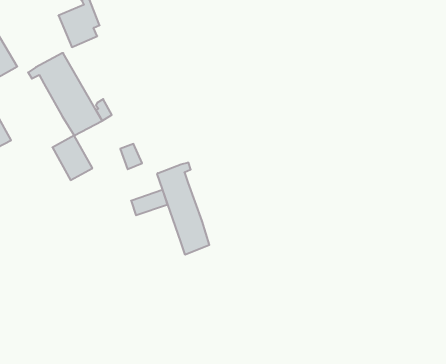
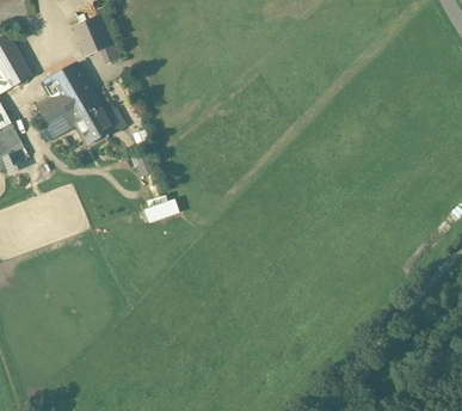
building: [52,135,92,180] -> [36,92,75,136]
building: [157,162,209,255] -> none

